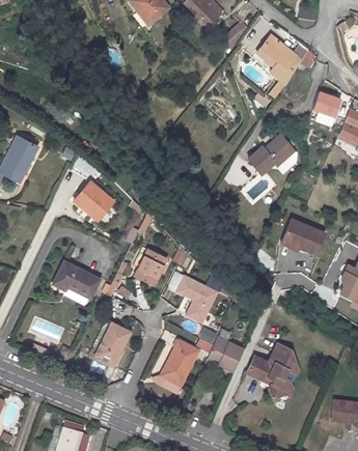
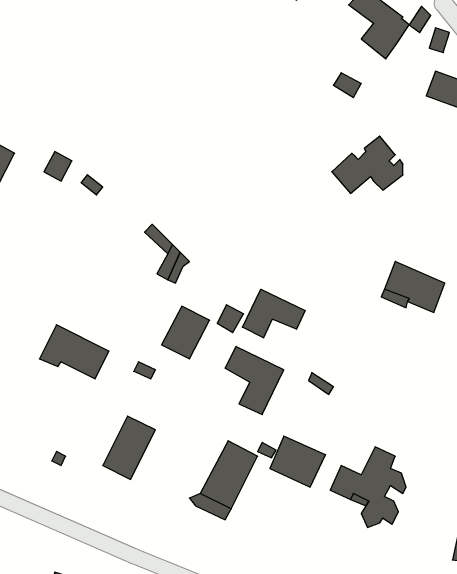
building: [75,184,114,220] -> none
building: none -> [242,289,305,338]

